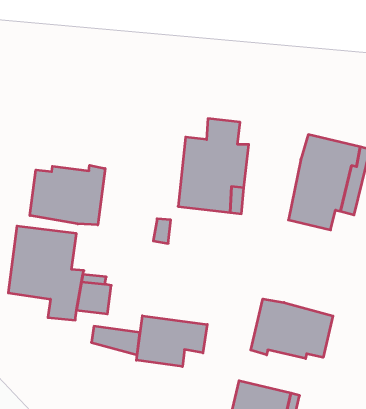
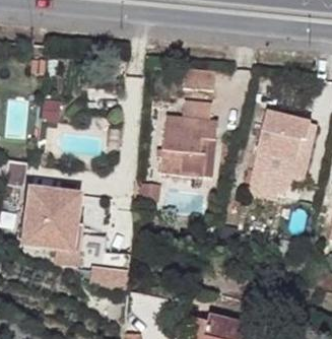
building: [30,165,105,225] -> none
building: [251,299,333,359] -> none
building: [136,316,207,367] -> none

